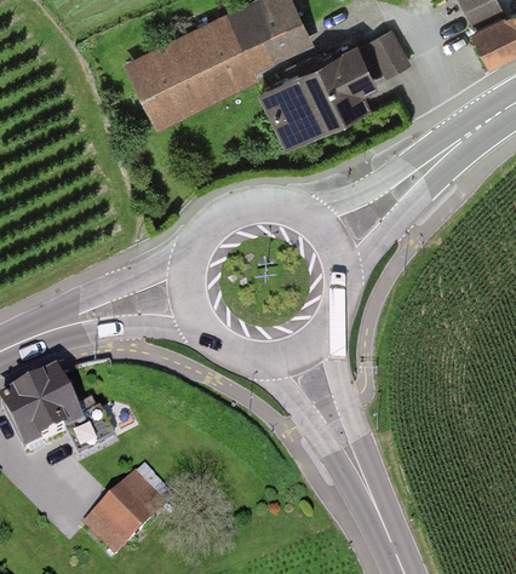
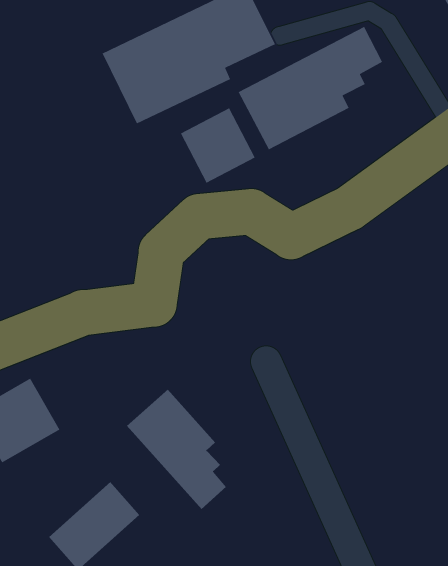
building: none -> [180,107,256,184]
building: none -> [126,389,227,510]

